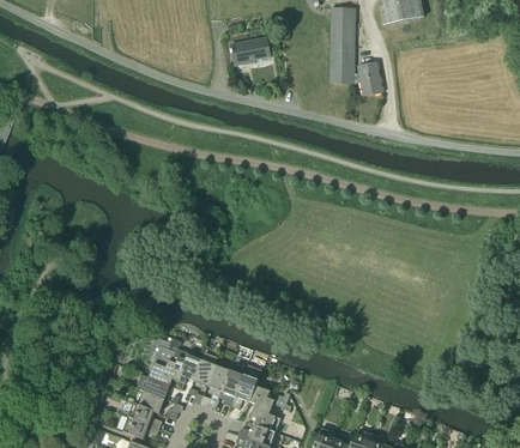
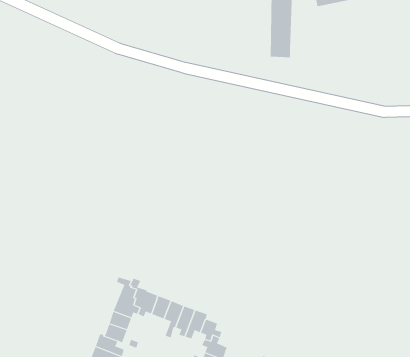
building: [230,37,270,65] -> none
building: [353,62,382,96] -> none

